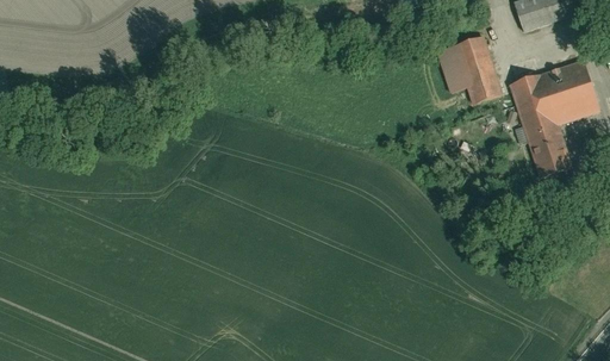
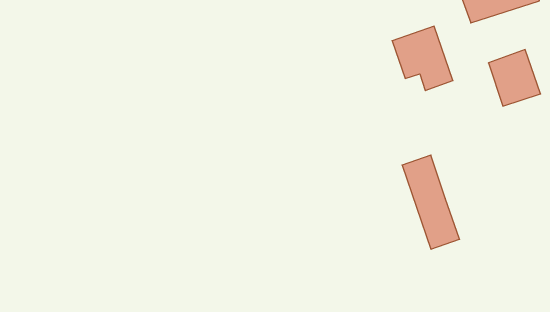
building: [510,75,572,176] -> [402,155,460,249]

